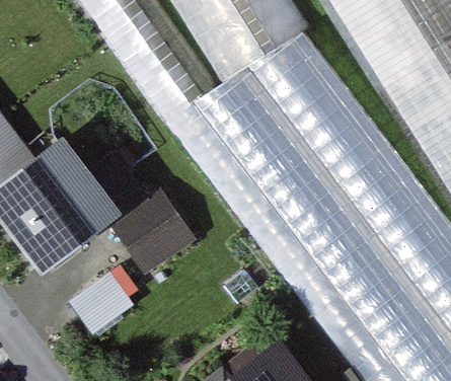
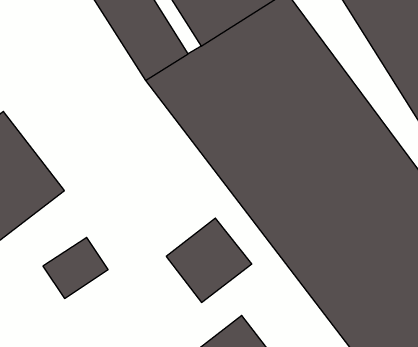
building: [122,201,203,281] -> [166,218,252,302]

